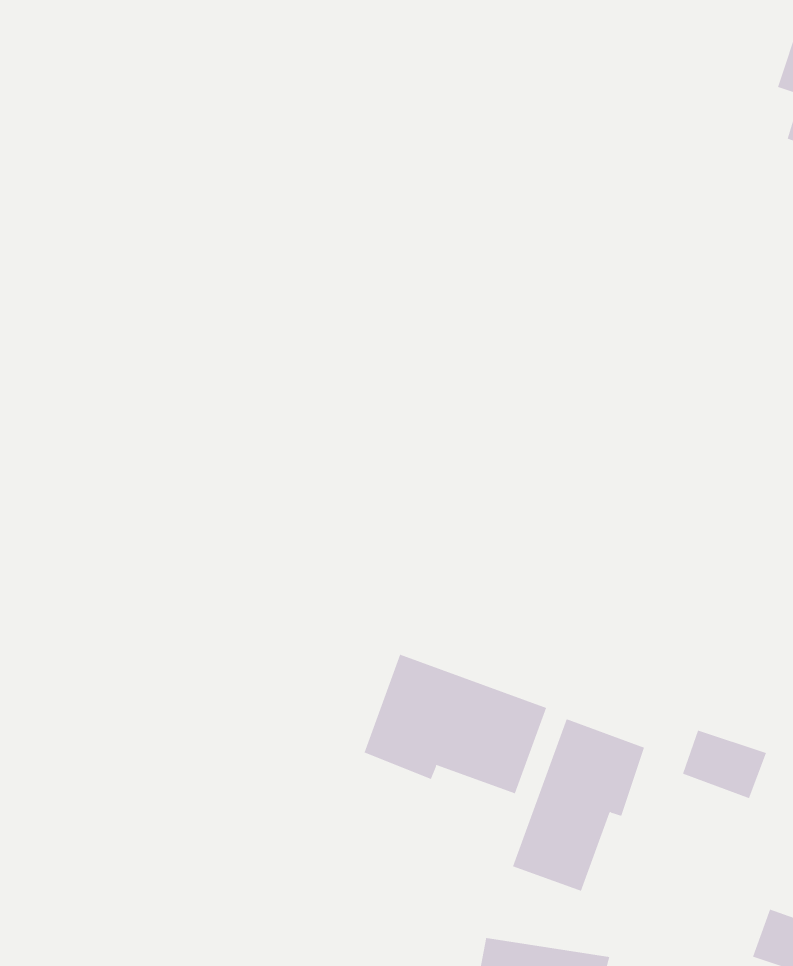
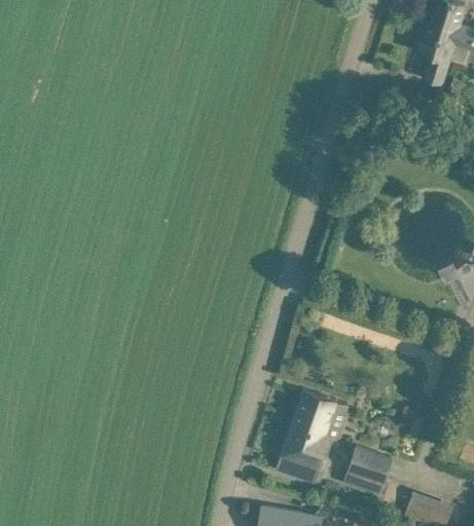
building: [364,654,547,794] -> none
building: [682,730,767,799] -> [348,448,393,485]

